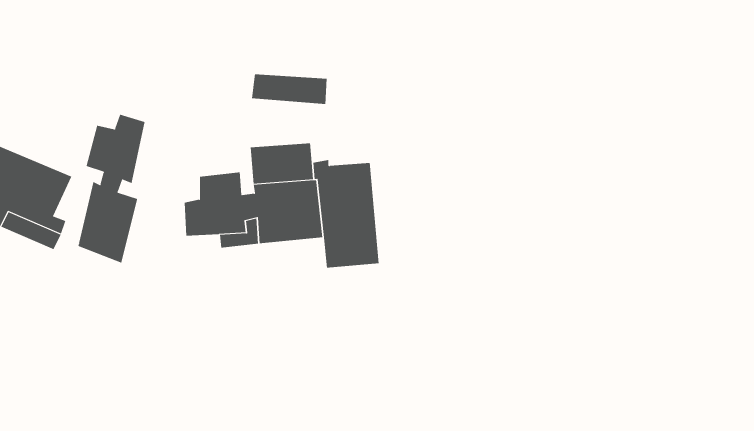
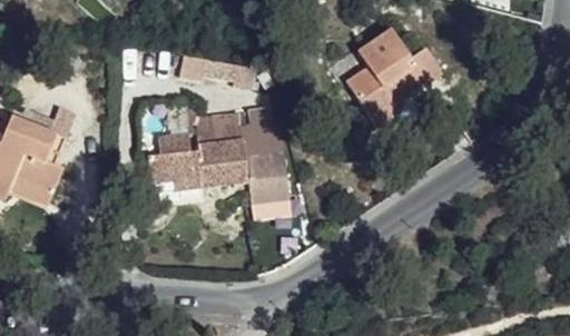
building: none -> [346,28,444,127]
building: [78,114,145,263] -> none

